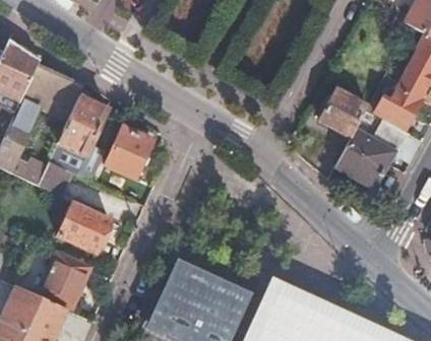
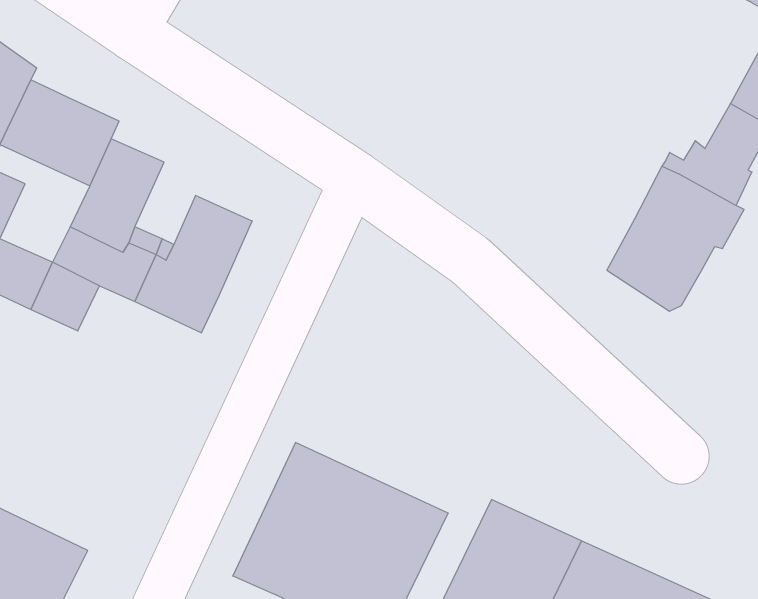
building: [318,90,367,138] -> none
building: [58,202,114,253] -> none
building: [41,253,89,308] -> none

